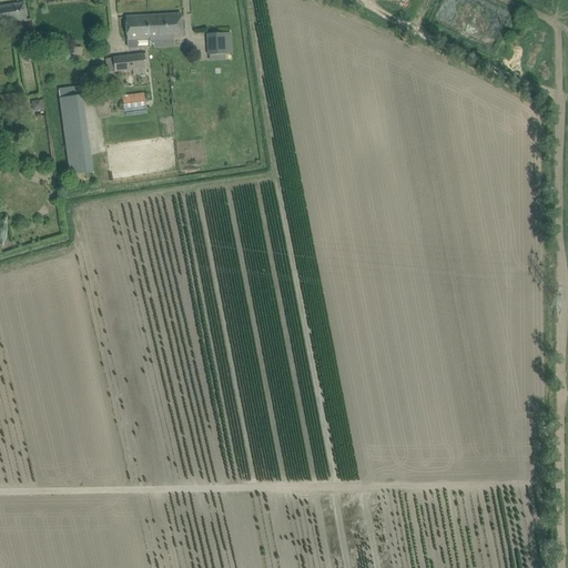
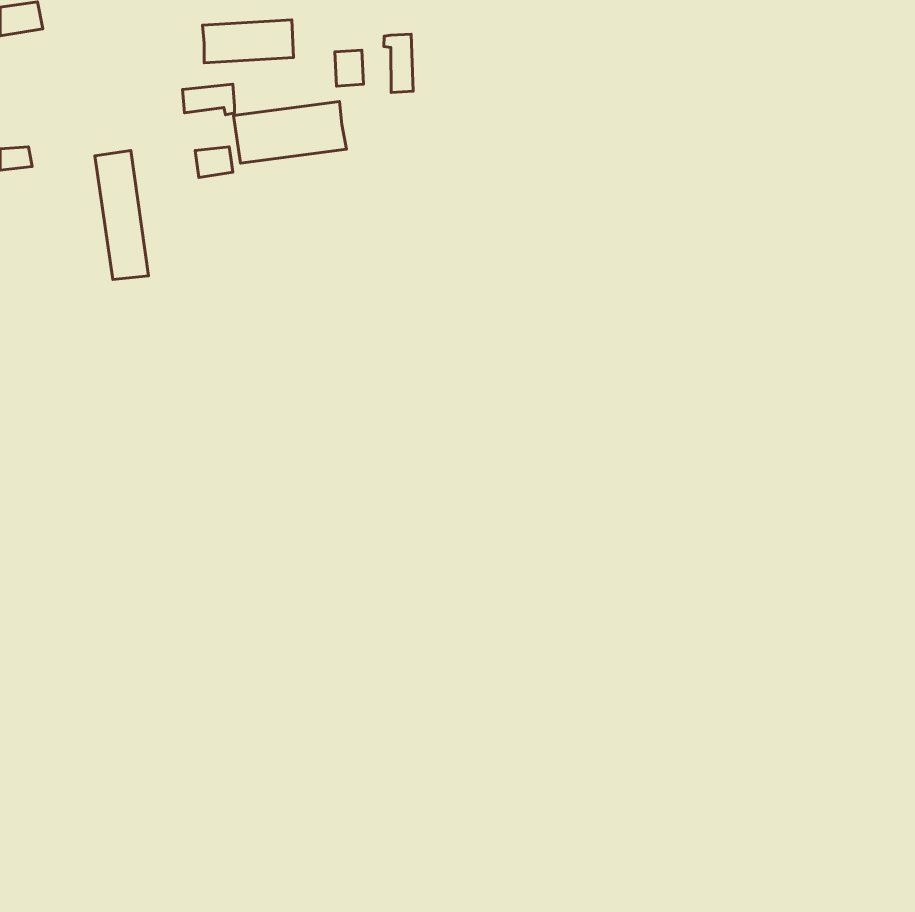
building: none -> [384,34,413,92]
building: none -> [234,101,347,163]

